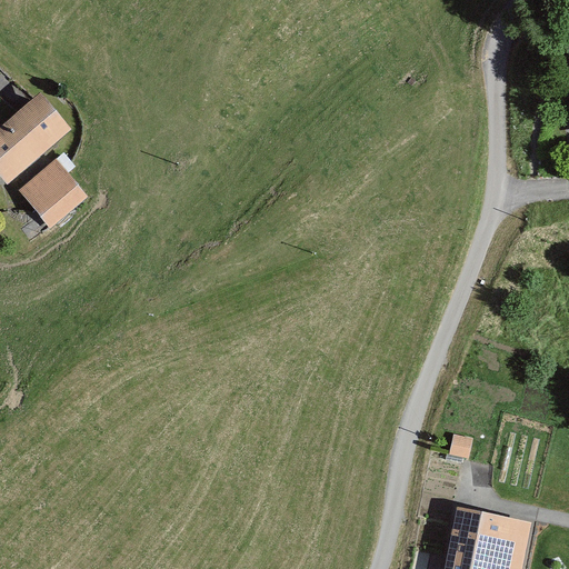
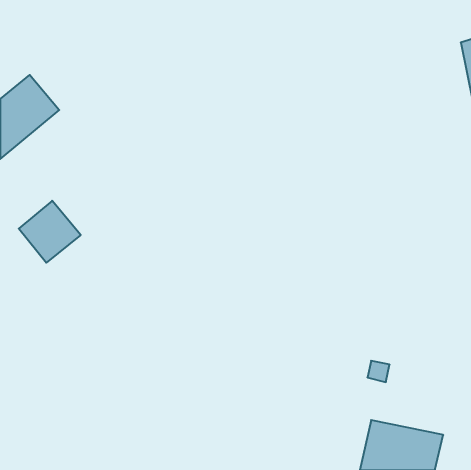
building: [17,158,91,232] -> [19,201,81,263]

